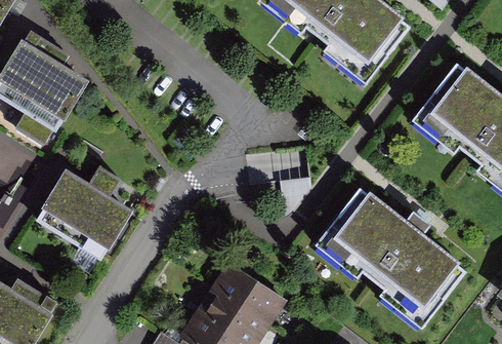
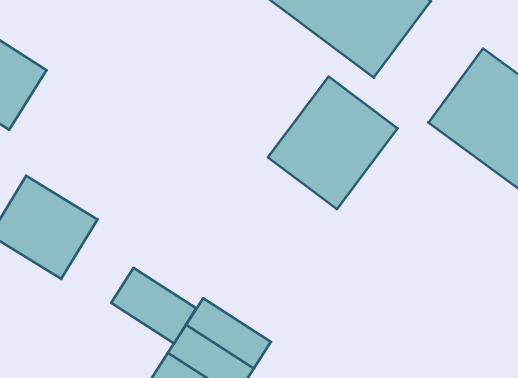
building: none -> [268,77,398,209]
building: [318,182,465,319] -> none
building: none -> [111,268,196,343]

